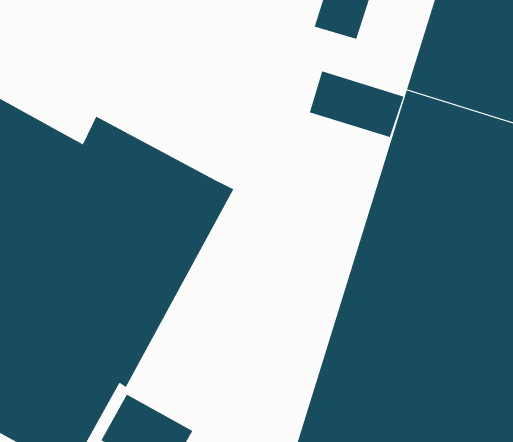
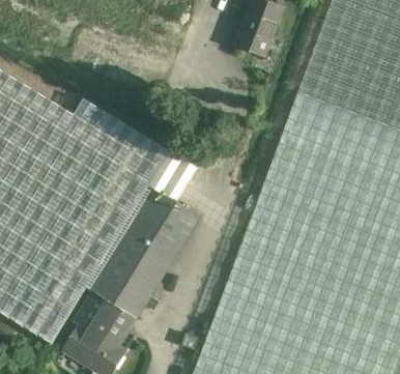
building: [309,70,404,138] -> none
building: none -> [91,155,201,321]

